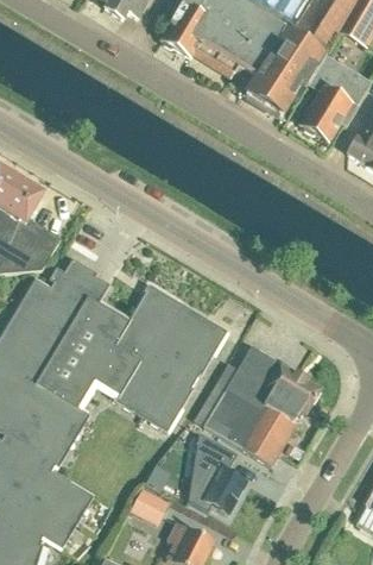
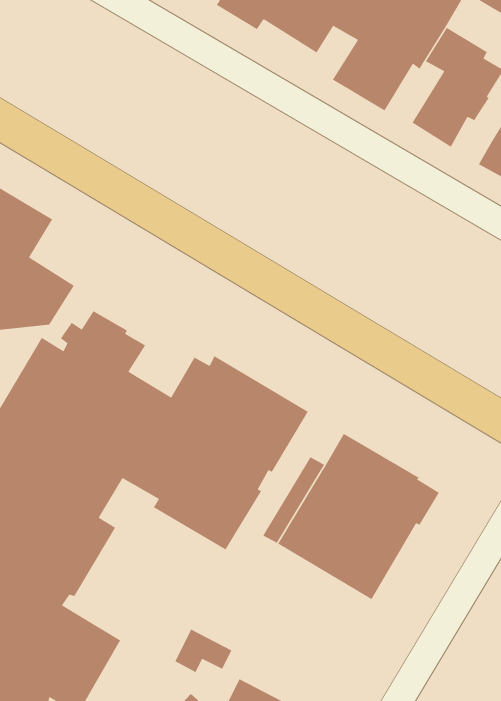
building: [192,433,247,515] -> none

